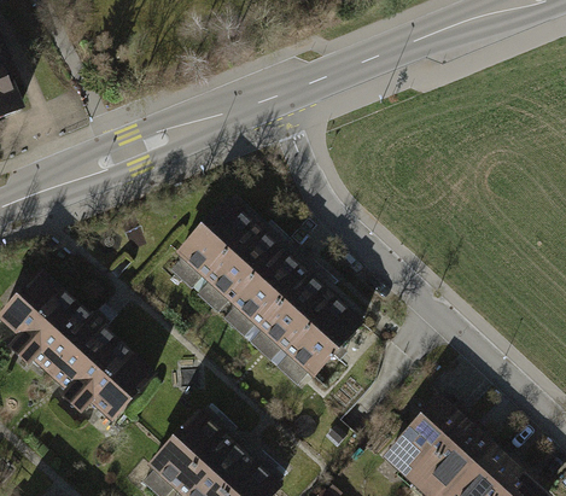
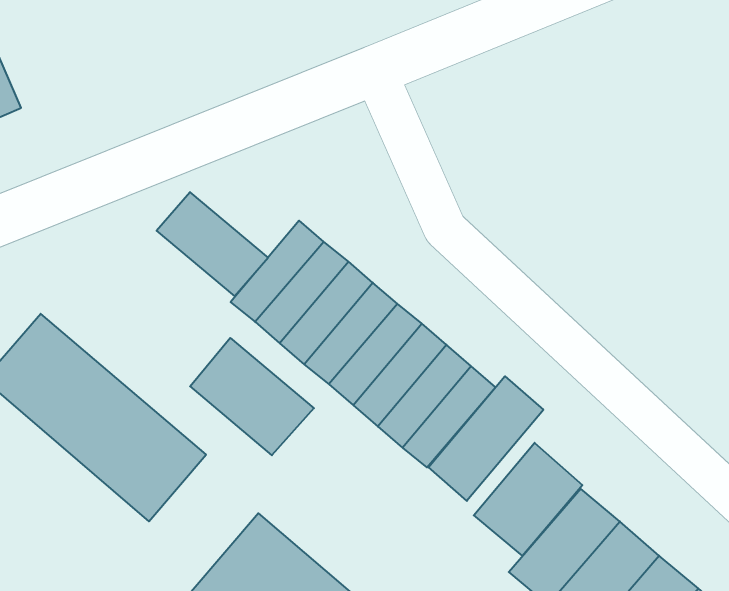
building: none -> [157,192,268,296]
building: none -> [190,338,314,455]
building: none -> [428,376,543,501]
building: none -> [474,443,582,556]

